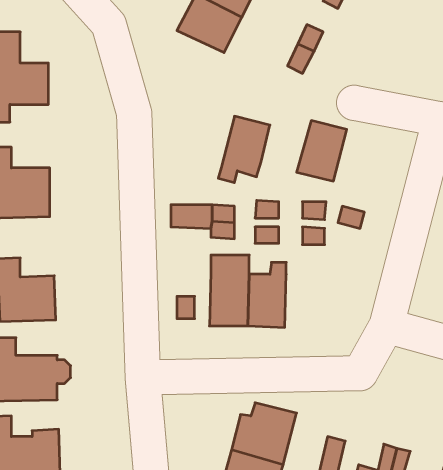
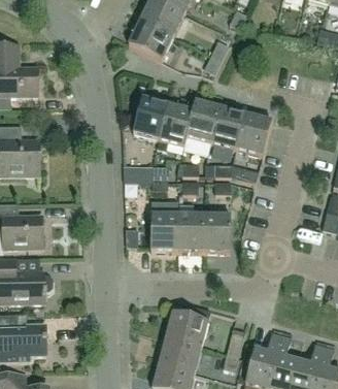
building: none -> [132,96,167,139]
building: none -> [185,99,221,142]
building: none -> [236,112,271,155]
building: none -> [202,214,230,251]

